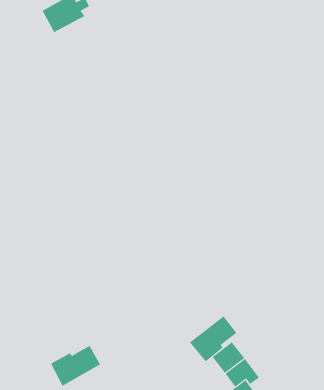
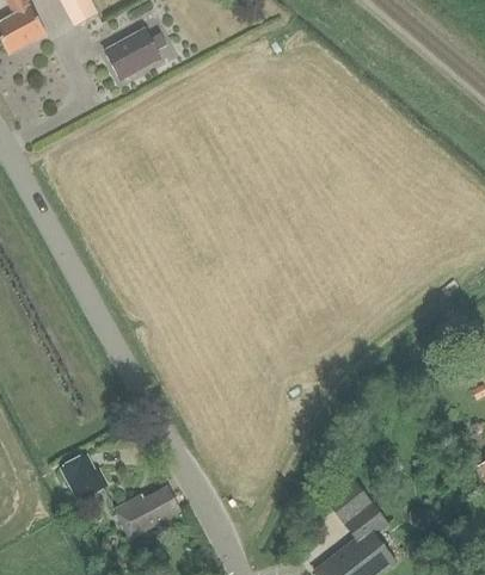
building: [189,316,237,362] -> none
building: none -> [59,452,108,501]

